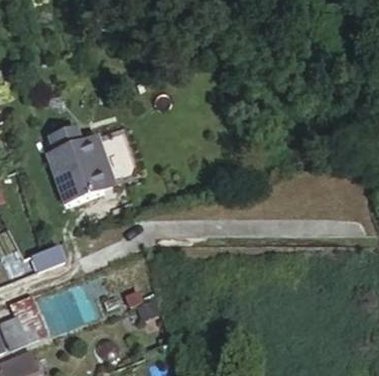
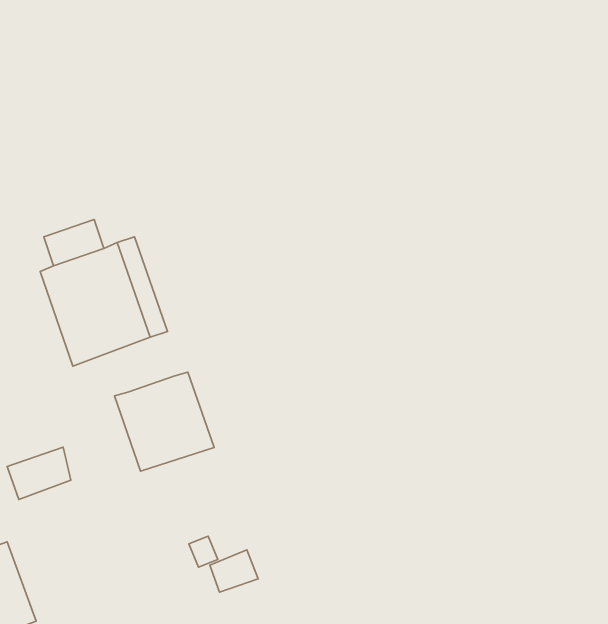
building: none -> [115,372,214,471]

